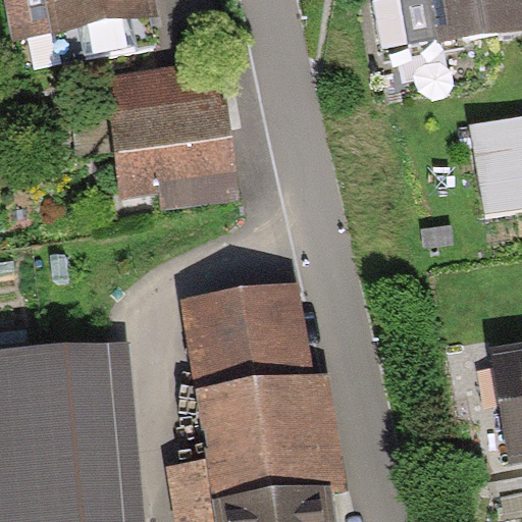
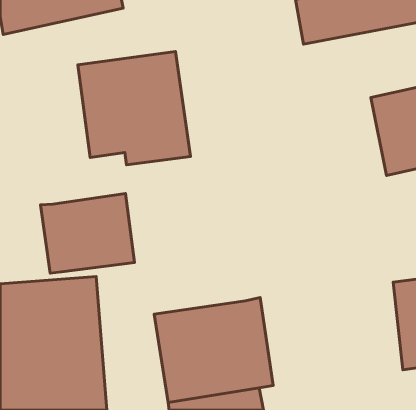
building: none -> [41,193,135,273]
building: [182,286,309,390] -> none

